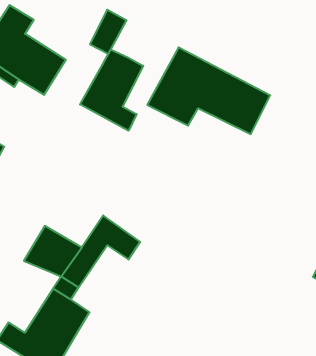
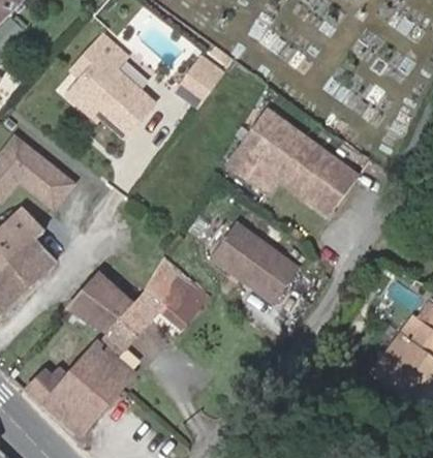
building: [80,49,143,131] -> none
building: none -> [213,220,297,297]

